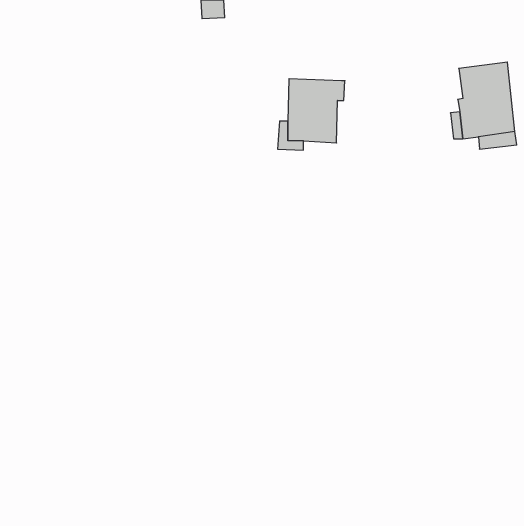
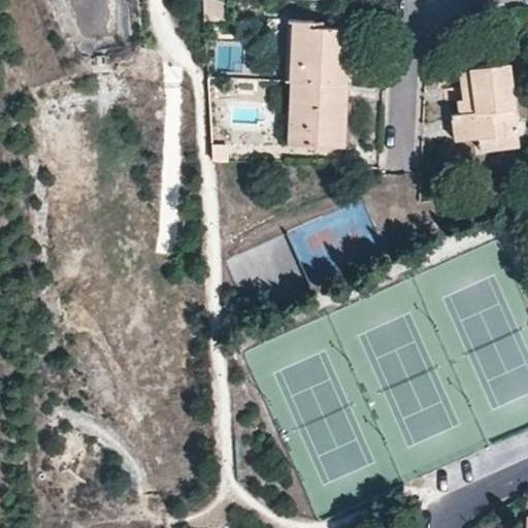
building: none -> [285,22,349,84]

